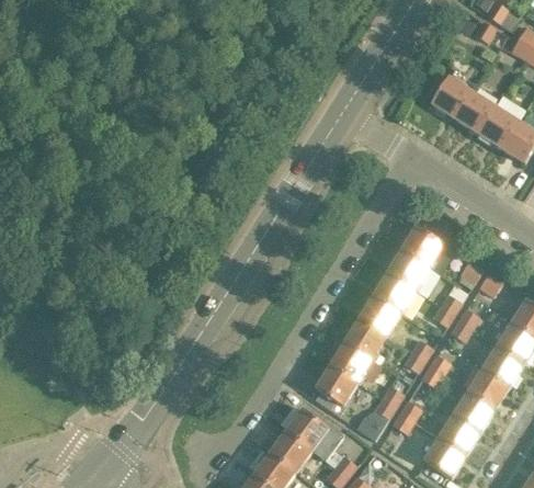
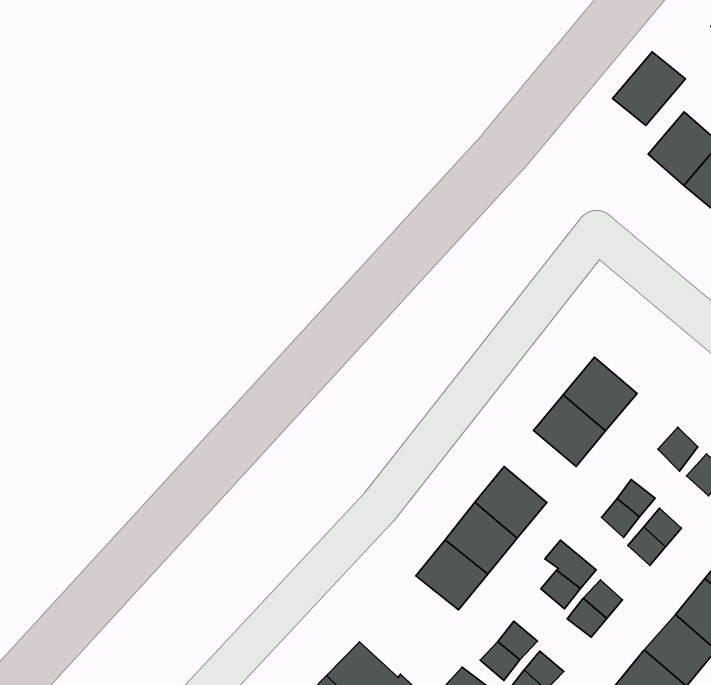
building: none -> [613,52,685,125]
building: [372,272,413,313] -> none
building: [315,365,356,406] -> none

